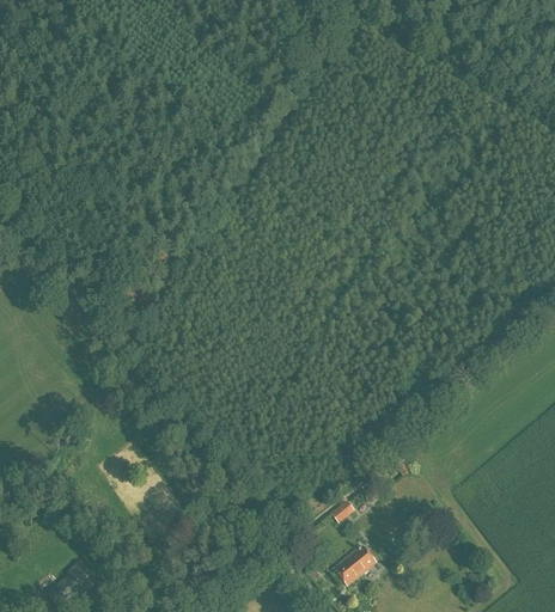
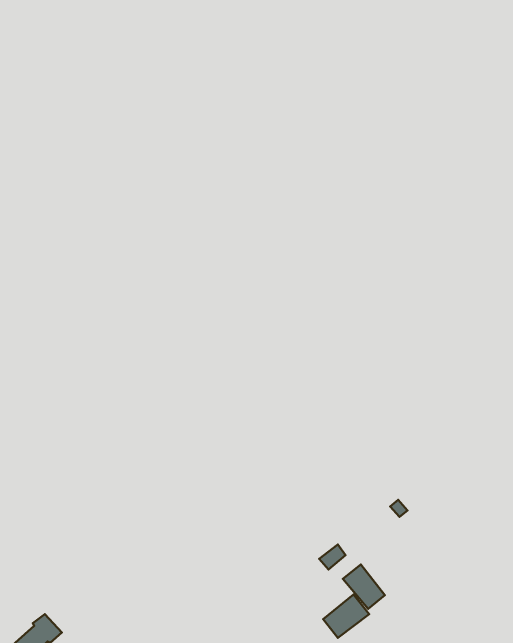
building: none -> [343,564,385,609]

